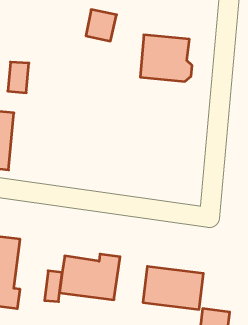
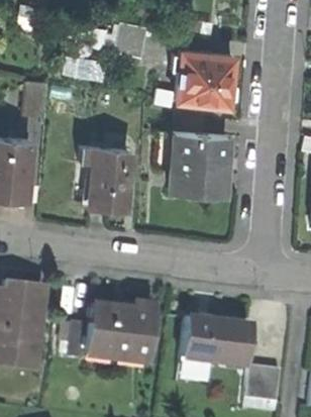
building: none -> [172,134,228,195]
building: none -> [79,146,132,212]

